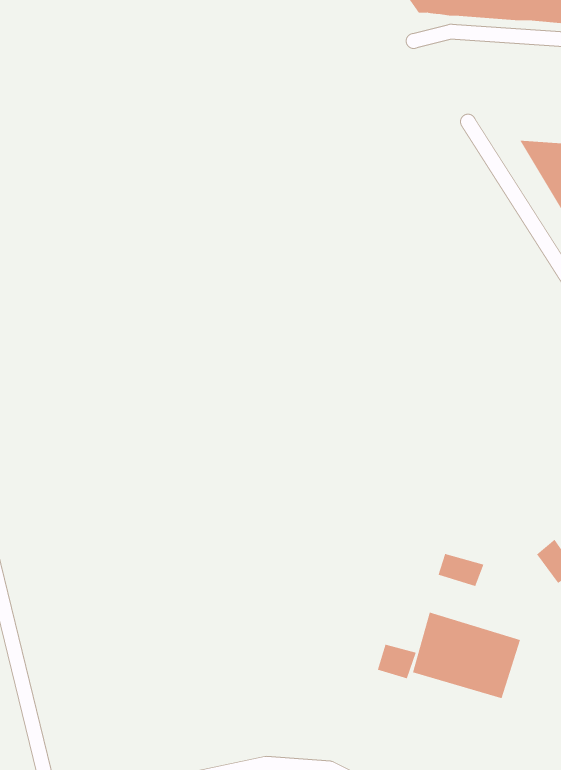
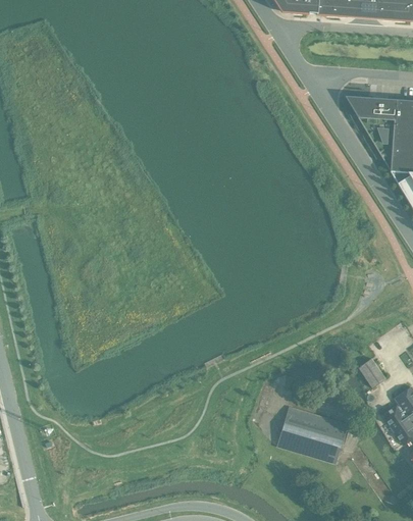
building: [438,553,484,587] -> none
building: [377,644,417,679] -> none

